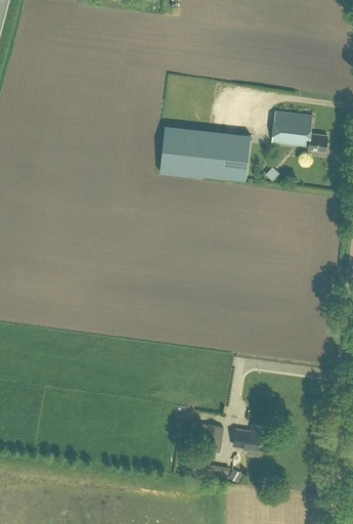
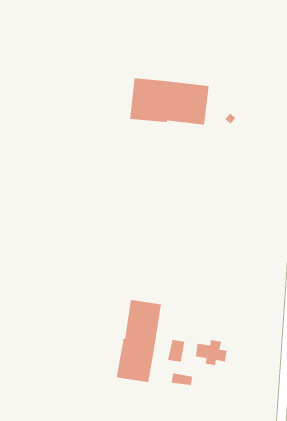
building: [271,111,327,150] -> none
building: none -> [116,299,162,383]

